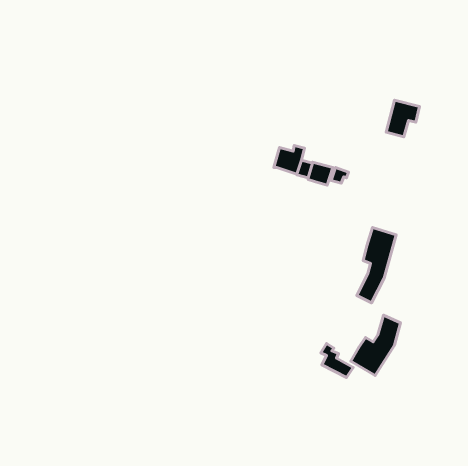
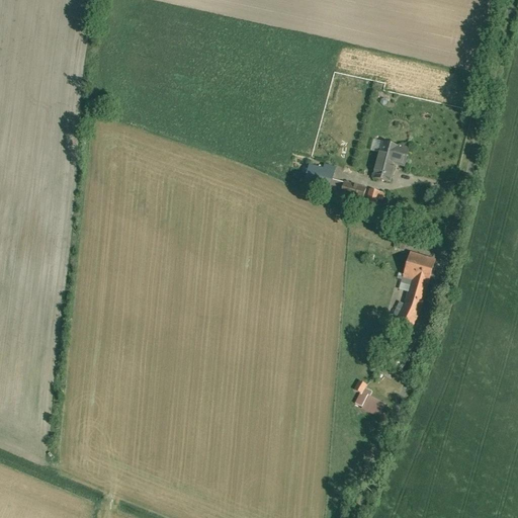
building: [386,100,419,137] -> [371,138,408,178]
building: [351,315,400,376] -> none

